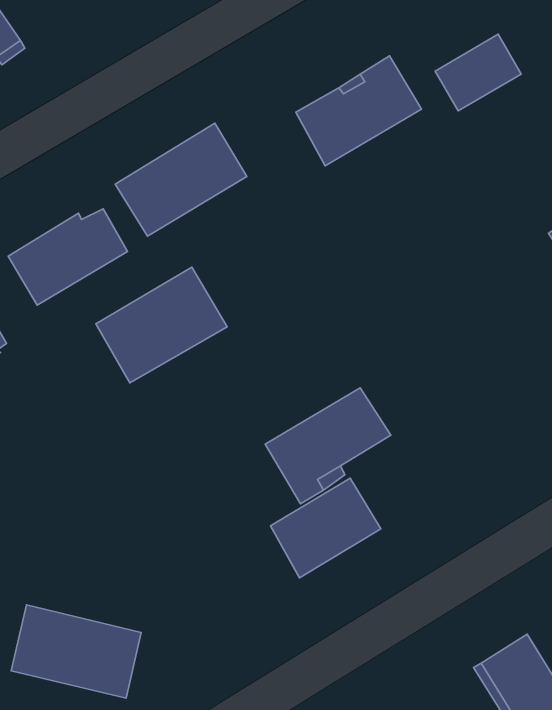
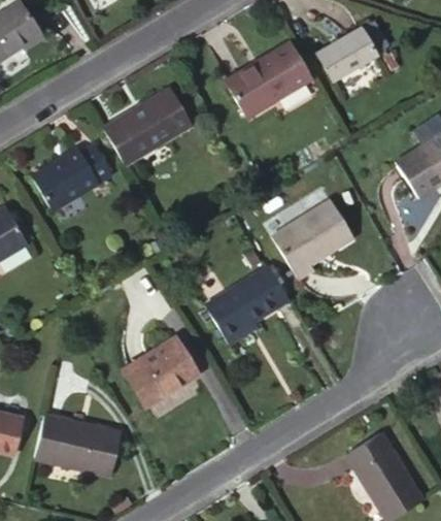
building: [96,267,227,383] -> none
building: none -> [271,199,354,279]
building: [270,478,381,578] -> [125,337,199,404]

